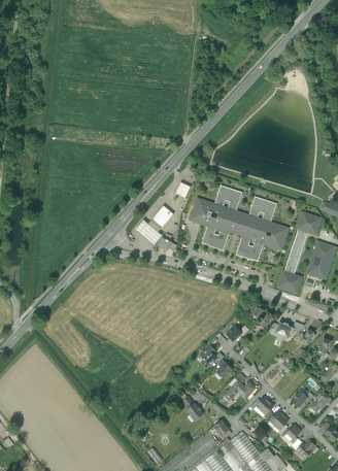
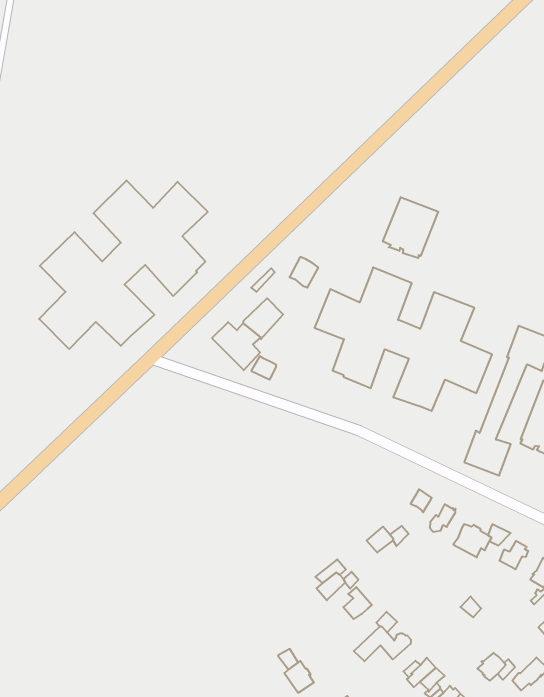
building: none -> [39,180,208,349]
building: none -> [383,197,438,258]

